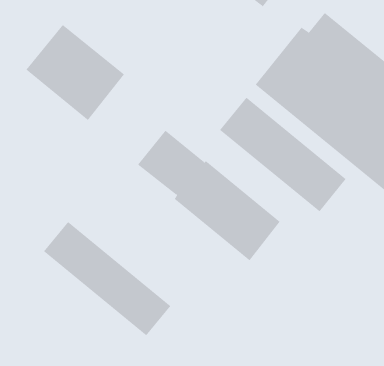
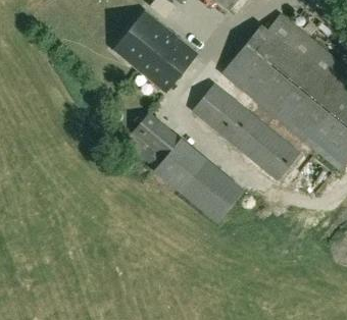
building: [26,24,125,121] -> [112,11,195,92]
building: [43,221,171,336] -> none

